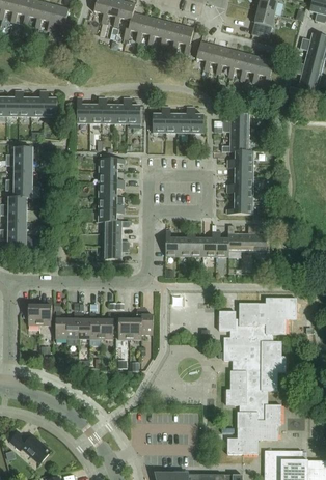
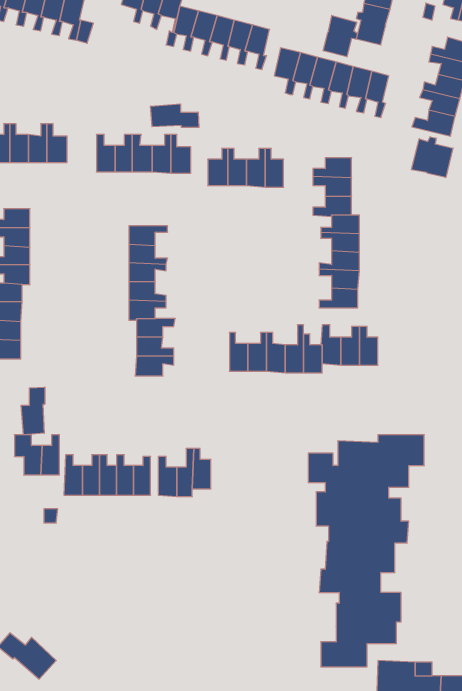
building: none -> [323,15,358,57]
building: none -> [151,104,199,127]
building: none -> [411,137,453,178]
building: none -> [21,387,45,435]

